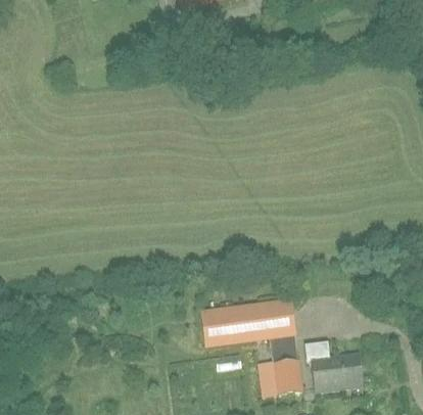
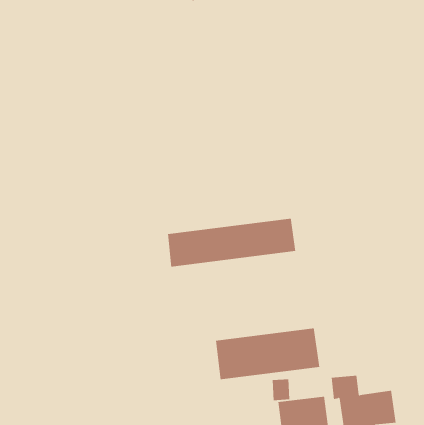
building: none -> [167,218,296,267]

